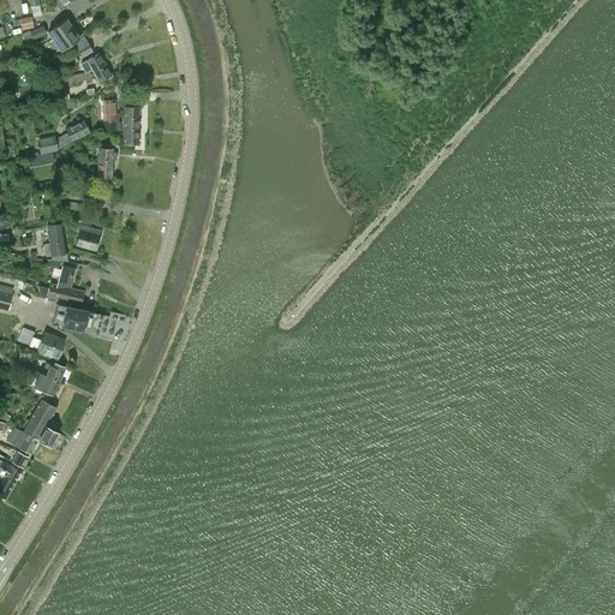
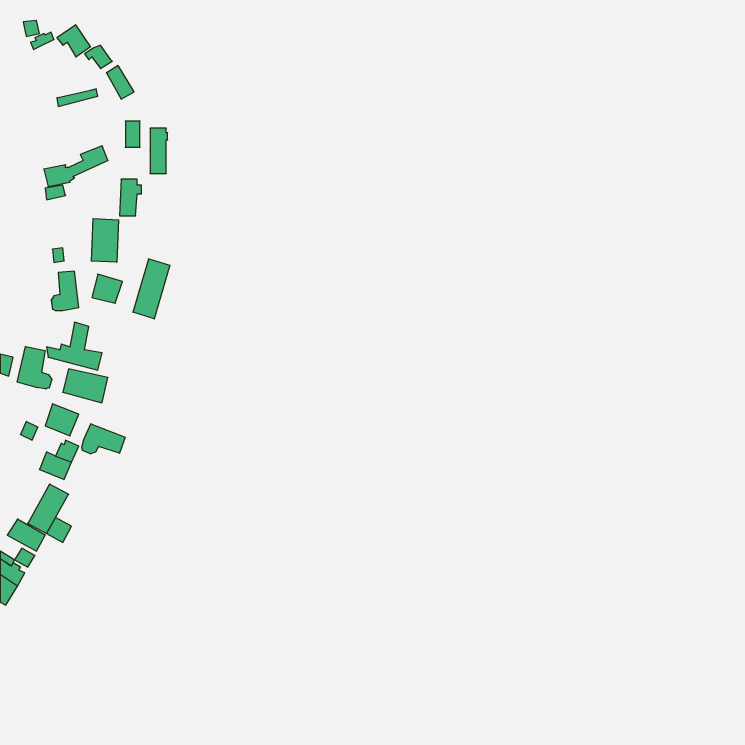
building: none -> [91,219,118,262]
building: none -> [133,259,170,319]
building: none -> [17,346,52,389]
building: none -> [82,424,125,454]

